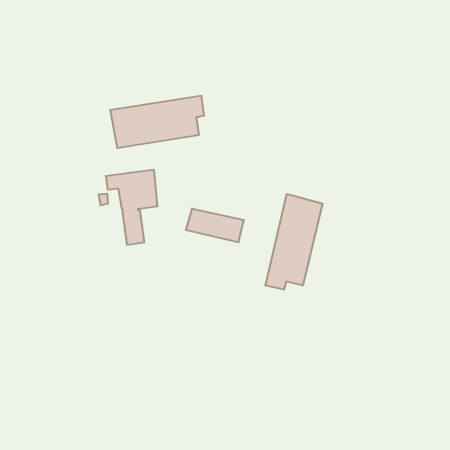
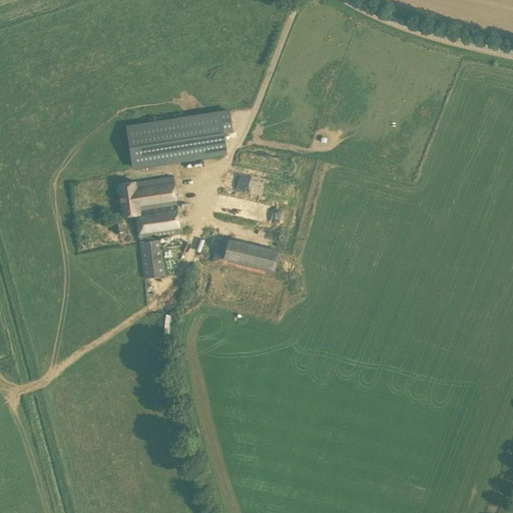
building: none -> [119,179,175,200]
building: [265,194,323,290] -> none

